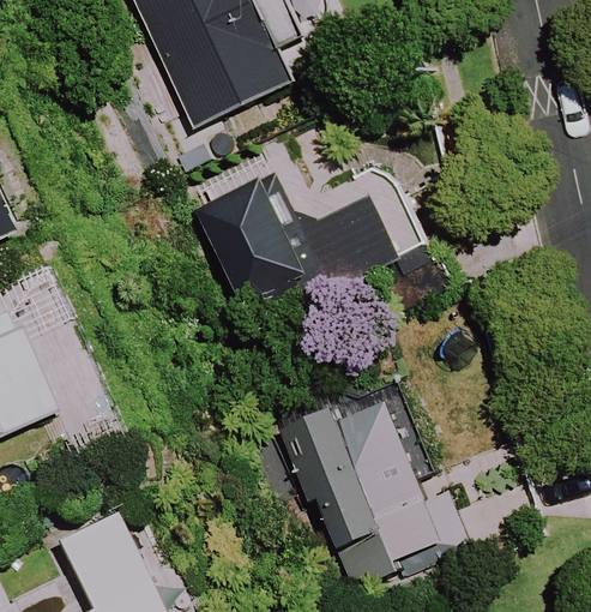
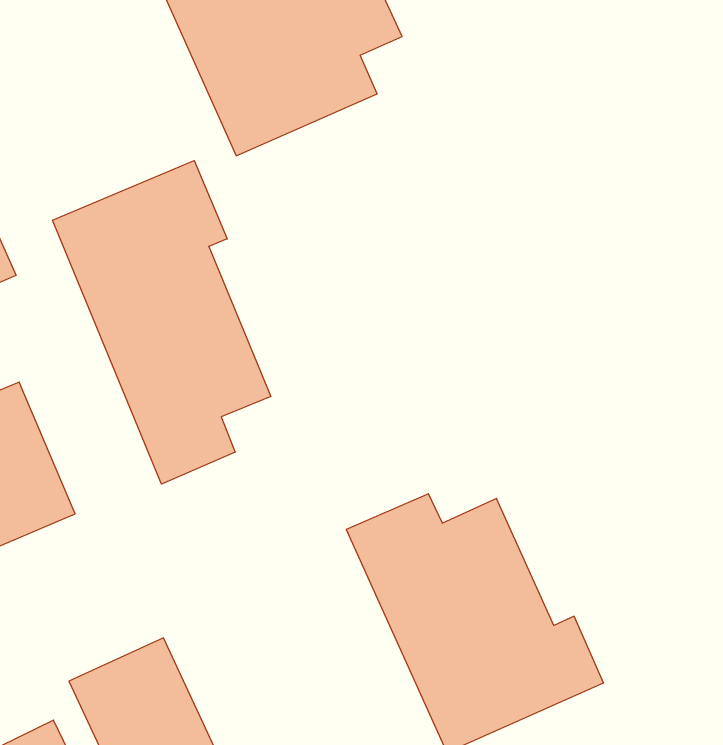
building: none -> [53,161,271,484]
building: [198,178,394,318] -> none

